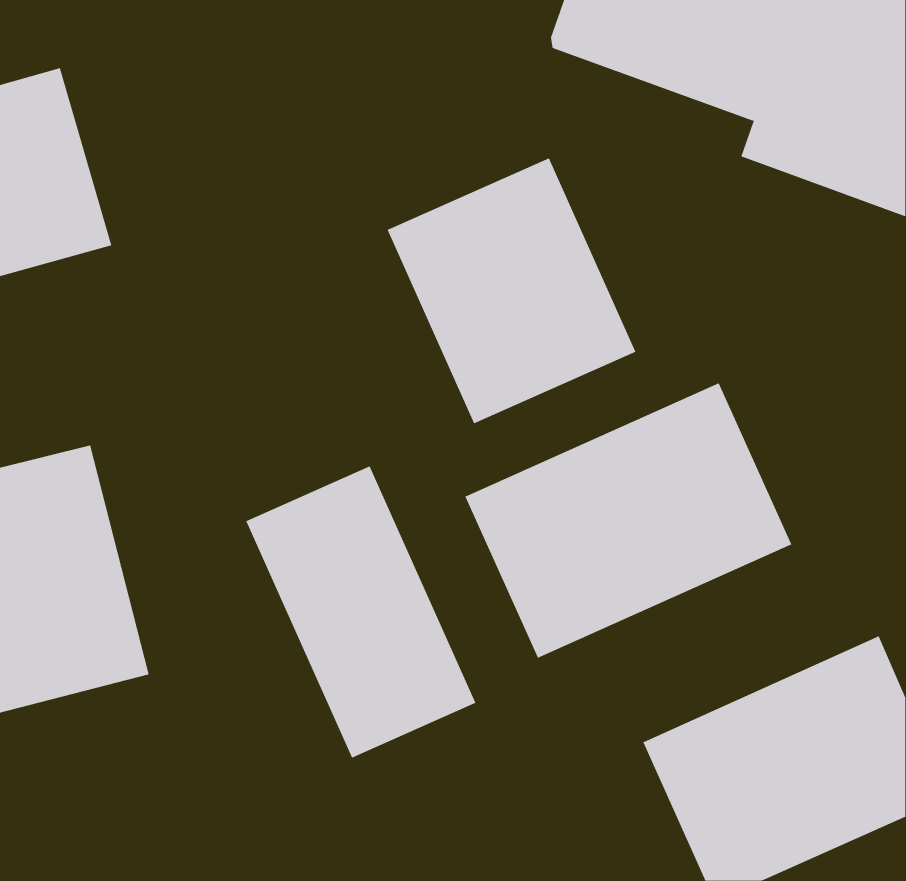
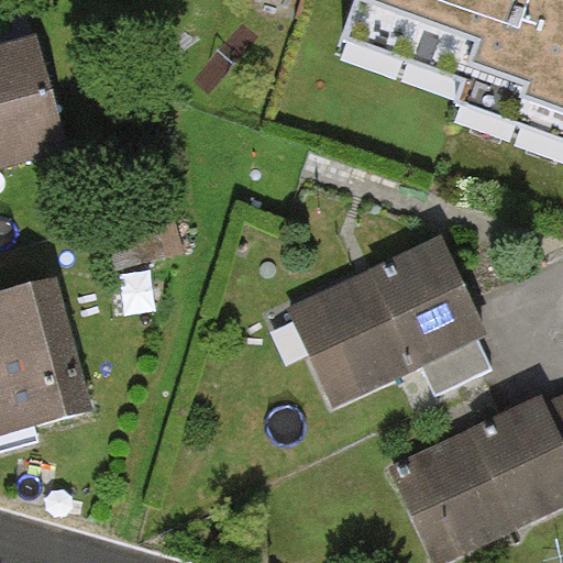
building: [387,157,636,424] -> none
building: [245,466,476,759] -> none

